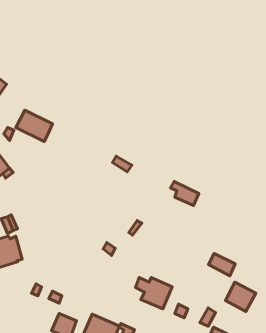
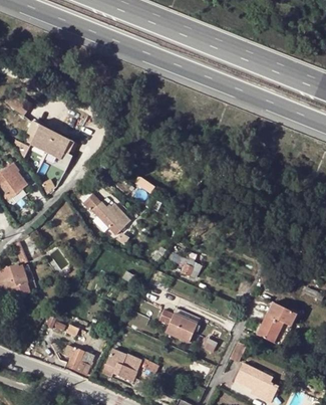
building: none -> [82,193,129,234]
building: [170,182,199,205] -> [170,253,201,279]
building: [209,254,235,276] -> [267,301,296,326]

